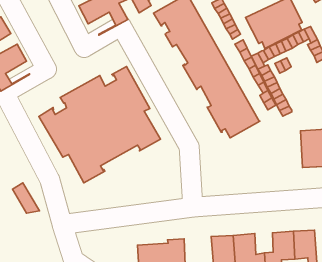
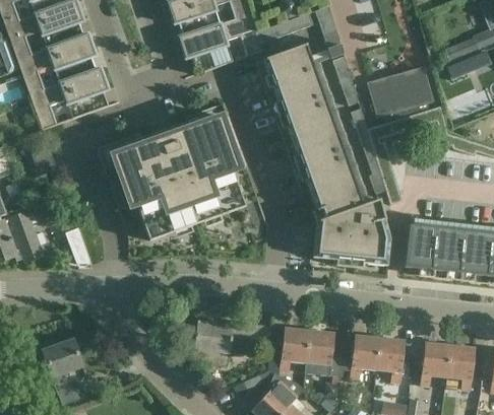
building: none -> [313,198,390,265]

